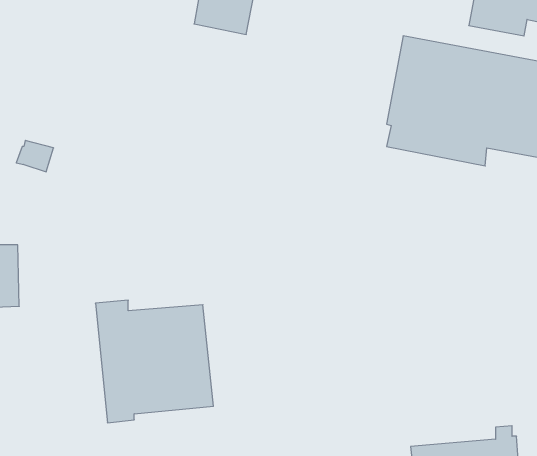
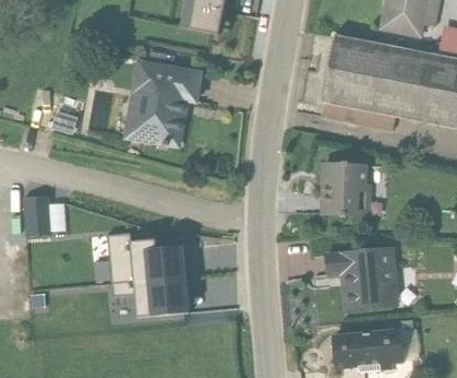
building: none -> [124,62,200,144]
building: none -> [323,163,372,215]
building: none -> [326,248,399,308]

